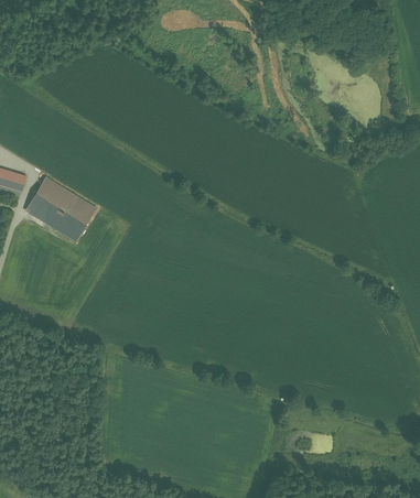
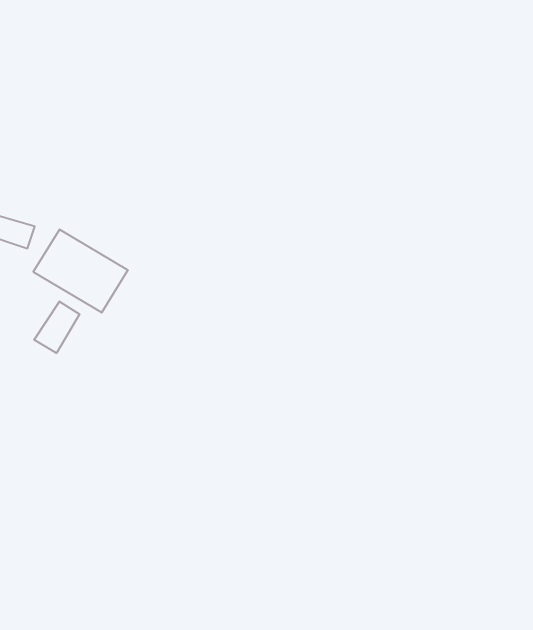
building: none -> [34,301,80,353]

